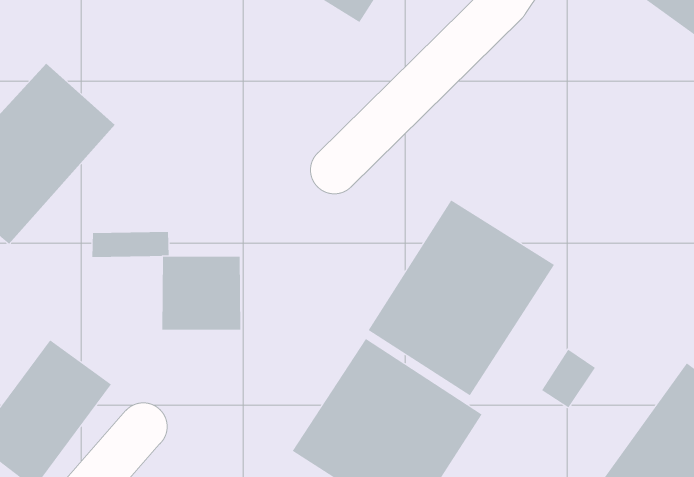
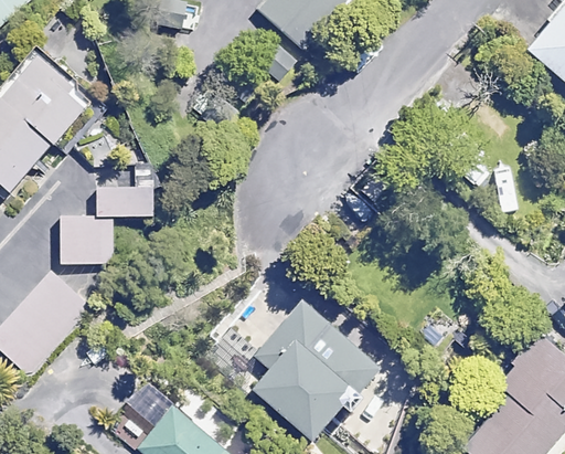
building: [368,200,555,396] -> none
building: [162,256,241,330] -> [50,212,115,274]

